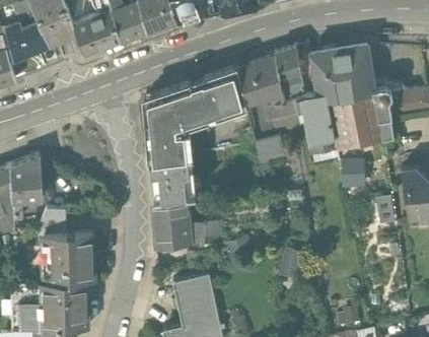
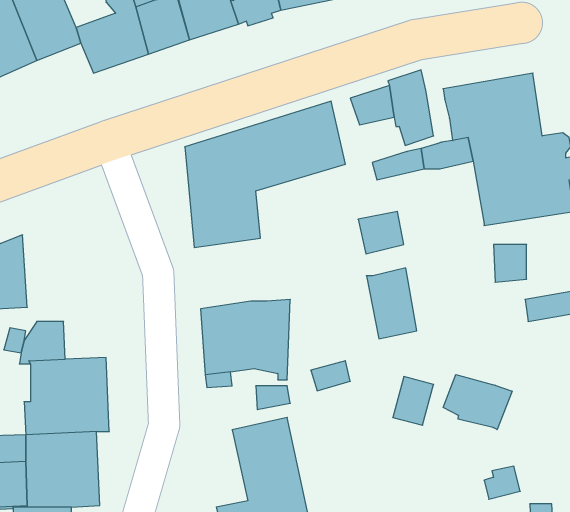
building: [256,80,286,110] -> none
building: [303,109,336,154] -> [366,268,417,339]
building: [149,158,196,204] -> none
building: none -> [443,375,512,430]

